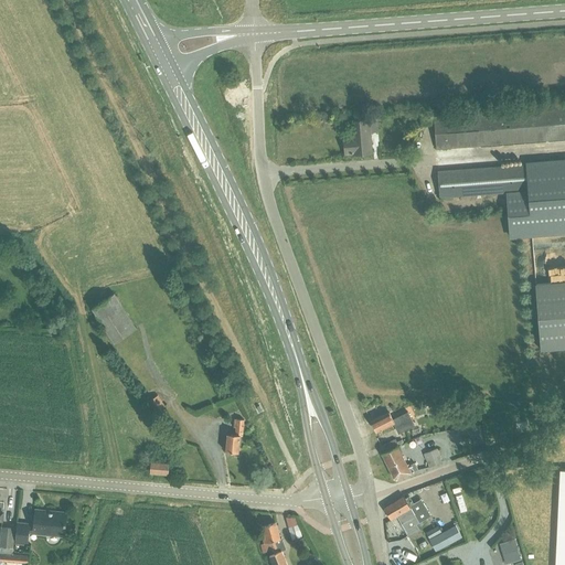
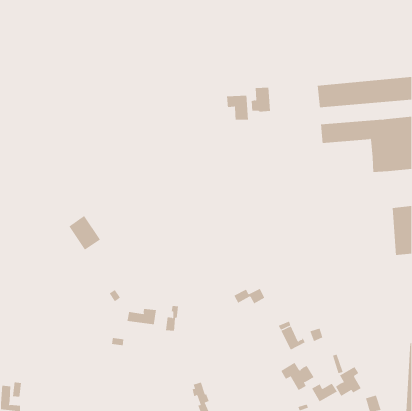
building: none -> [227,95,249,120]
building: [372,413,415,435] -> [234,288,265,304]
building: none -> [127,308,157,325]
building: none -> [335,366,362,397]
building: [32,511,67,535] -> none

